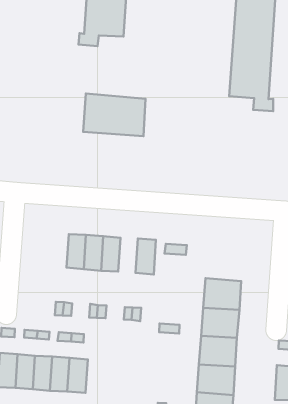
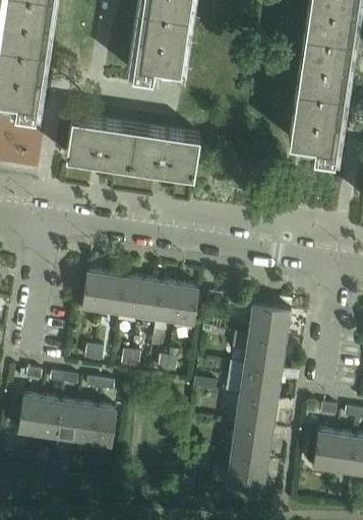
building: none -> [66,118,136,168]
building: none -> [82,272,107,311]
building: none -> [157,283,180,322]
building: none -> [249,304,292,339]

